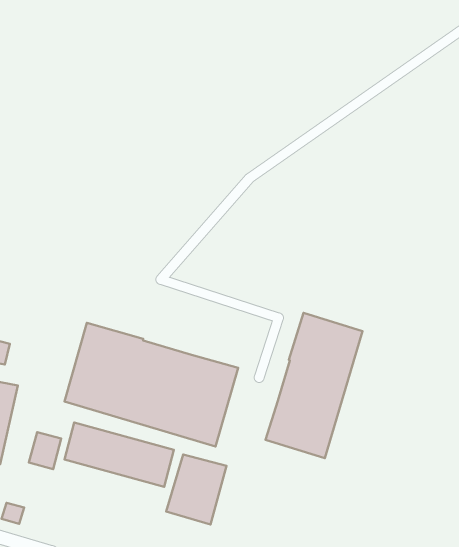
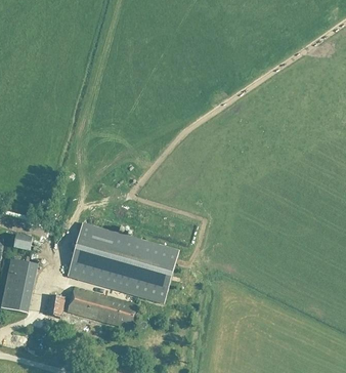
building: [266,313,363,458] -> none
building: [166,455,227,525] -> none

